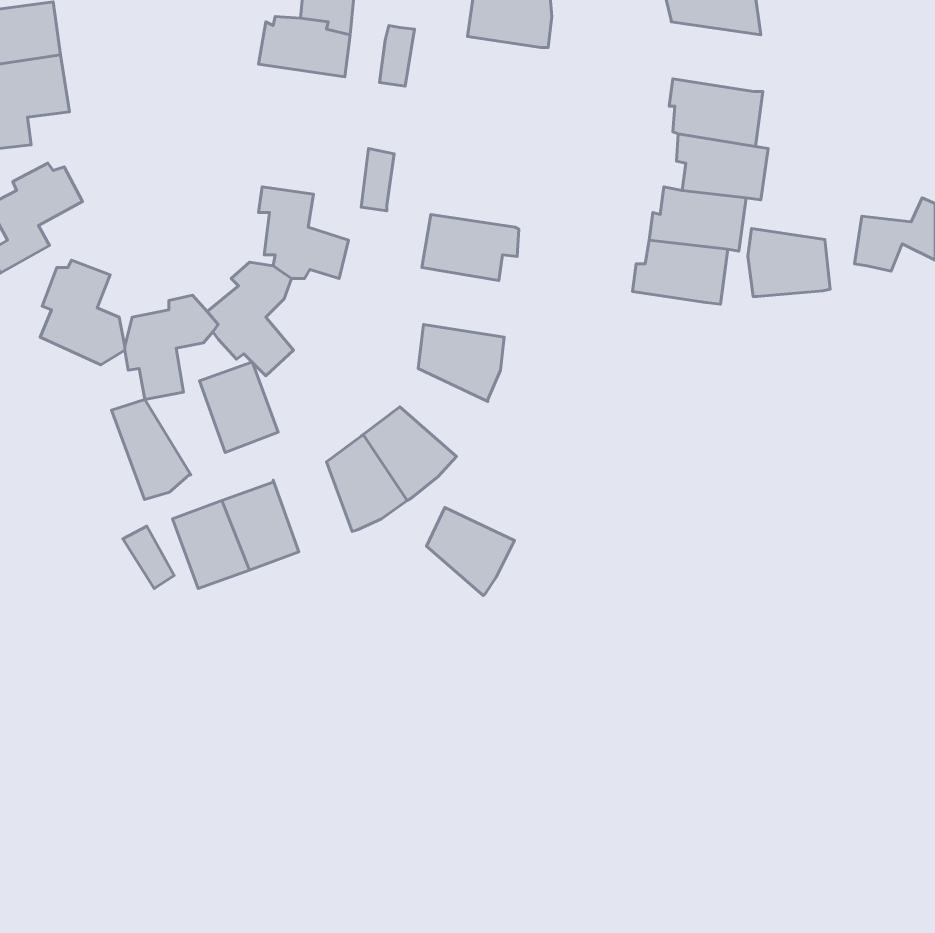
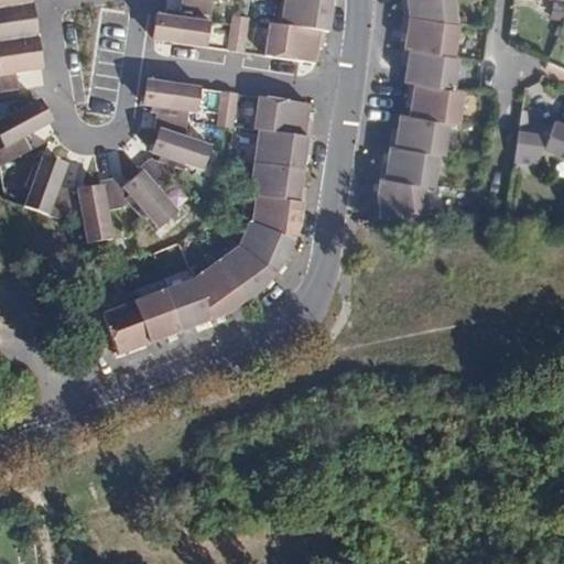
building: none -> [401,13,457,55]
building: none -> [265,21,325,62]
building: none -> [145,79,200,117]
building: none -> [253,96,313,137]
building: [748,229,830,296] -> [378,175,427,216]
building: none -> [248,161,305,203]
building: [199,363,278,452] -> [164,278,212,332]
building: [112,400,191,500] -> none
building: [426,508,514,596] -> [240,221,293,274]

